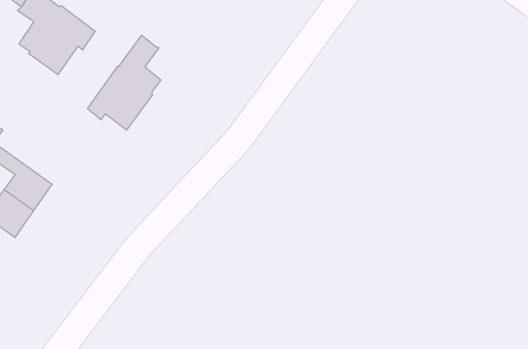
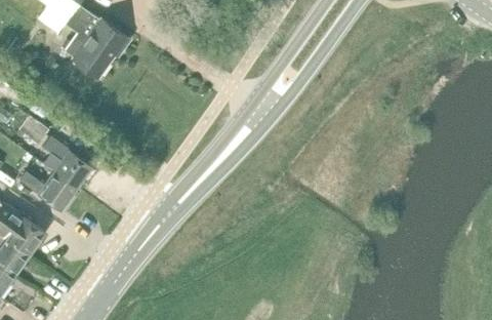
building: [88,35,161,130] -> none

